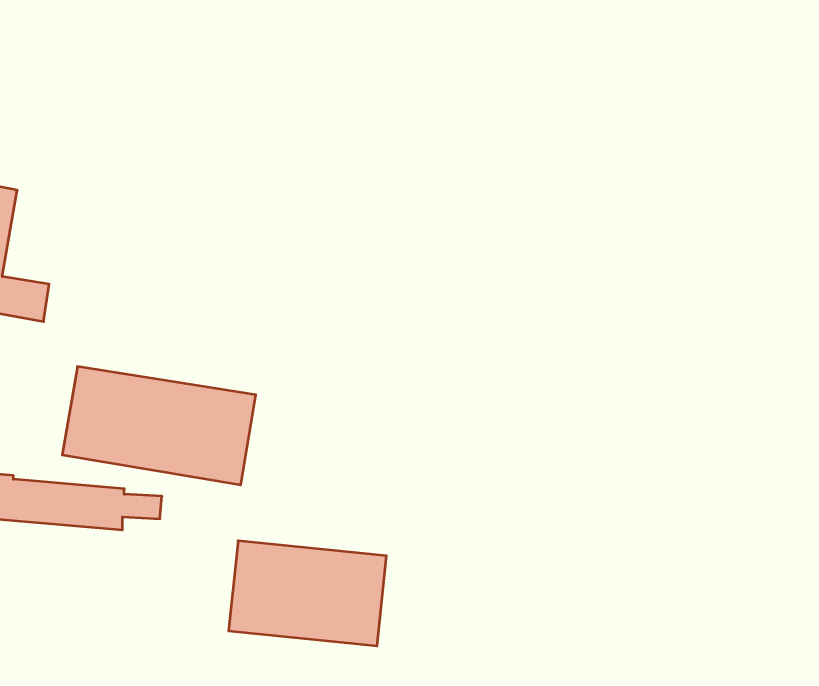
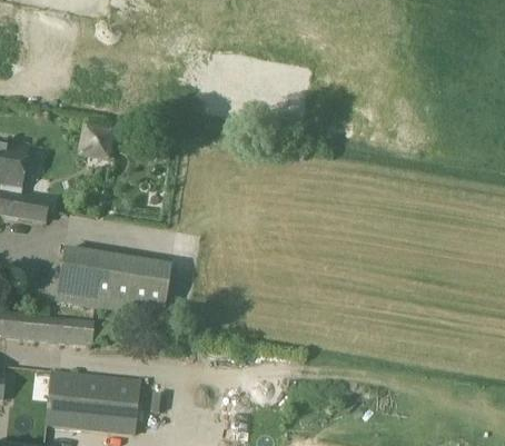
building: none -> [78,125,112,158]
building: [229,541,386,646] -> [46,370,139,433]

